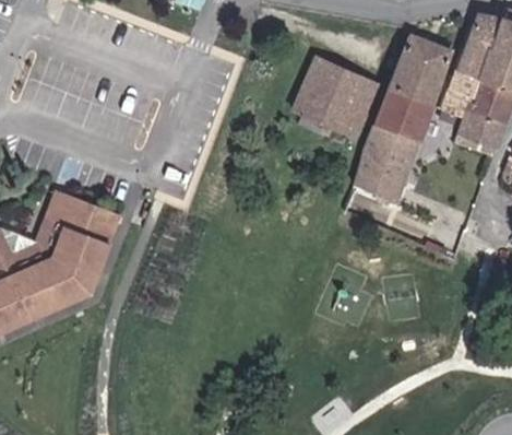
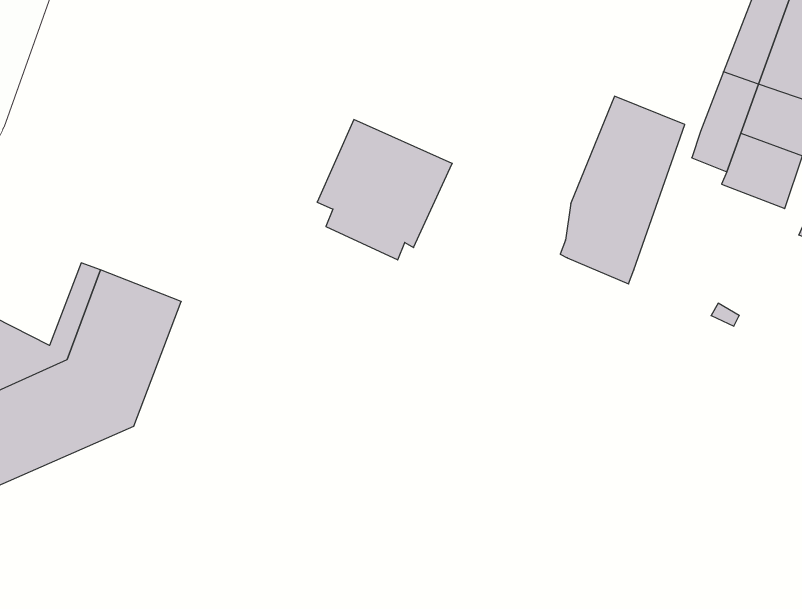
building: [390,34,453,105] -> none
building: [295,58,379,145] -> [317,120,452,260]

